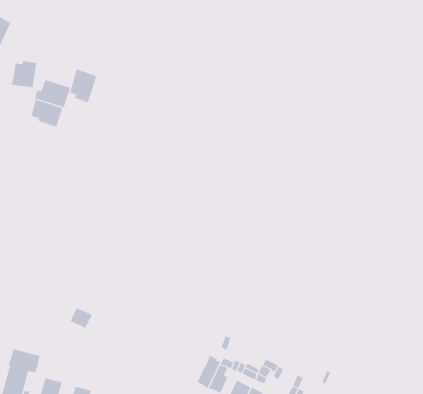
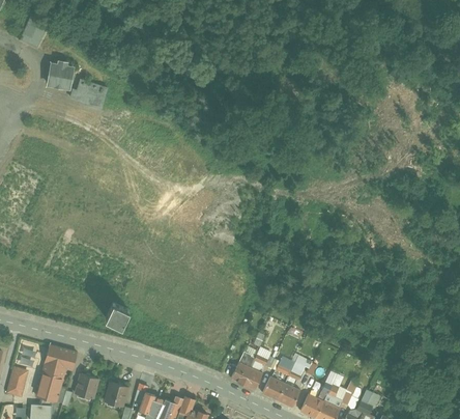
building: [69,69,97,103] -> none
building: [31,99,63,128] -> none

